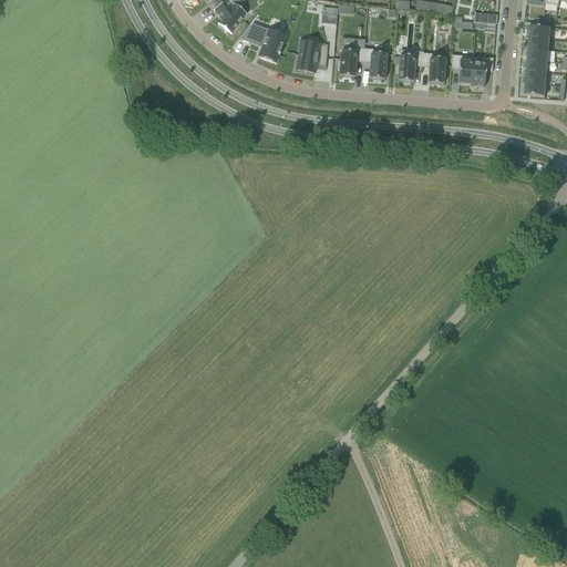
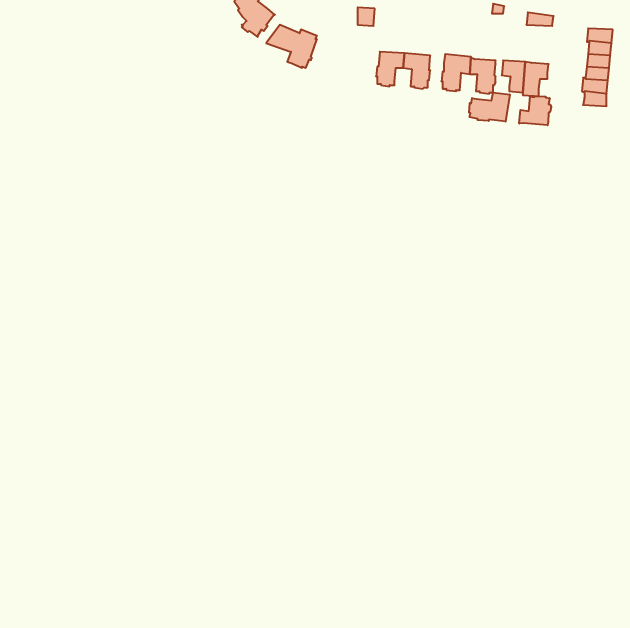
building: [296,41,327,72] -> none
building: none -> [469,93,510,122]
building: none -> [519,96,551,125]

